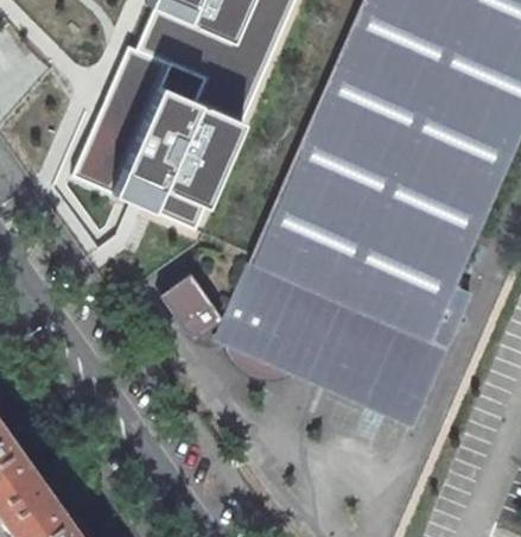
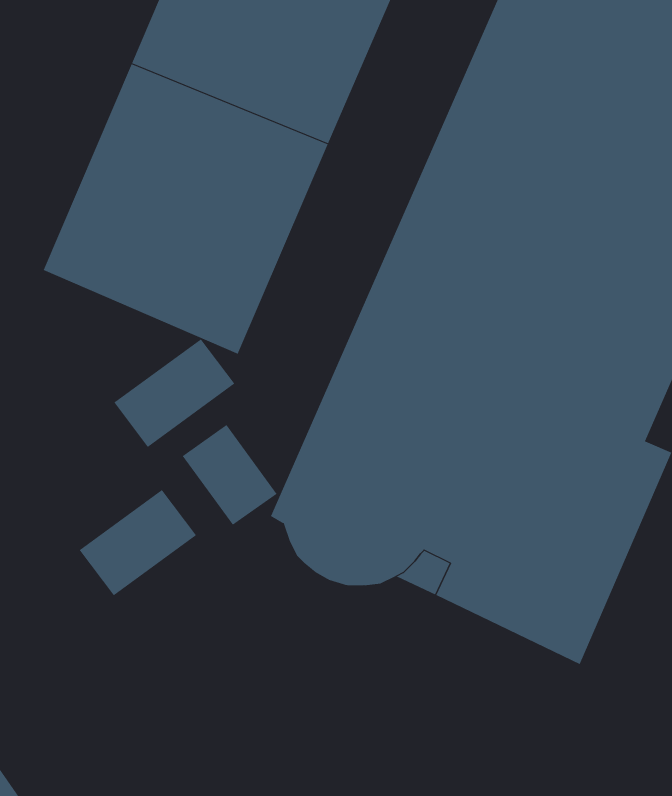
building: none -> [114,339,235,448]
building: none -> [79,489,197,596]

